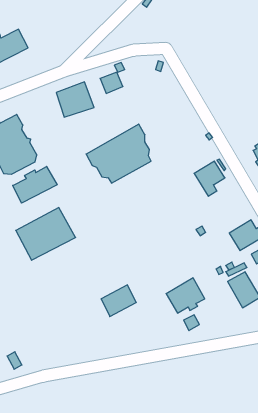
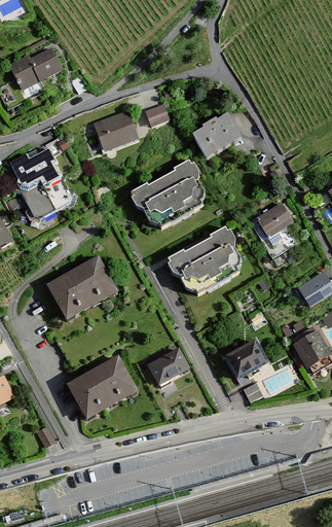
building: none -> [193,113,242,156]
building: [13,166,57,203] -> none
building: none -> [165,225,243,294]
building: none -> [68,356,138,419]

